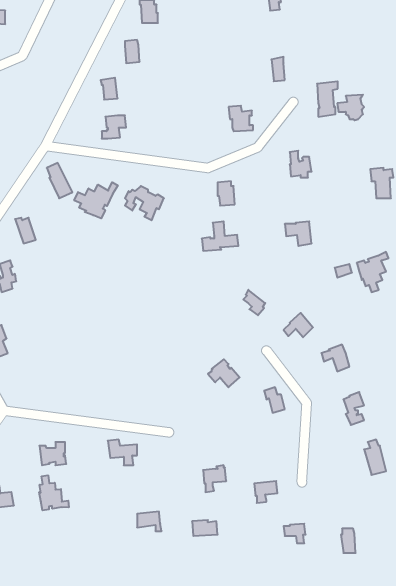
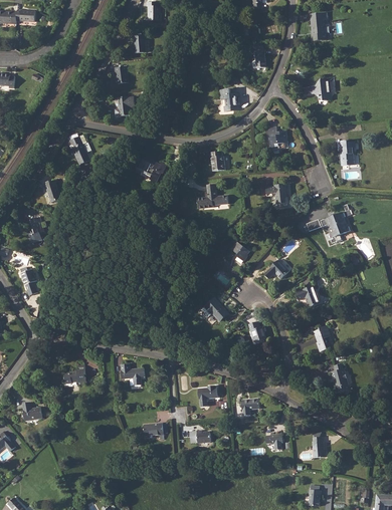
building: [317,81,338,117] -> [311,12,328,41]
building: [74,182,118,218] -> none
building: [39,475,69,510] -> none

